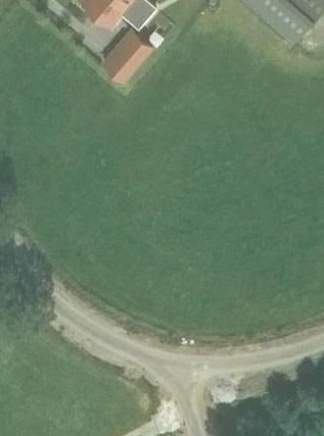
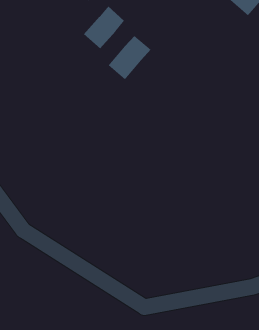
building: none -> [108,35,151,80]

